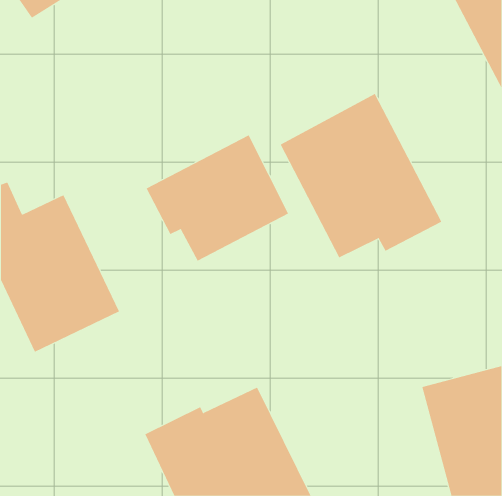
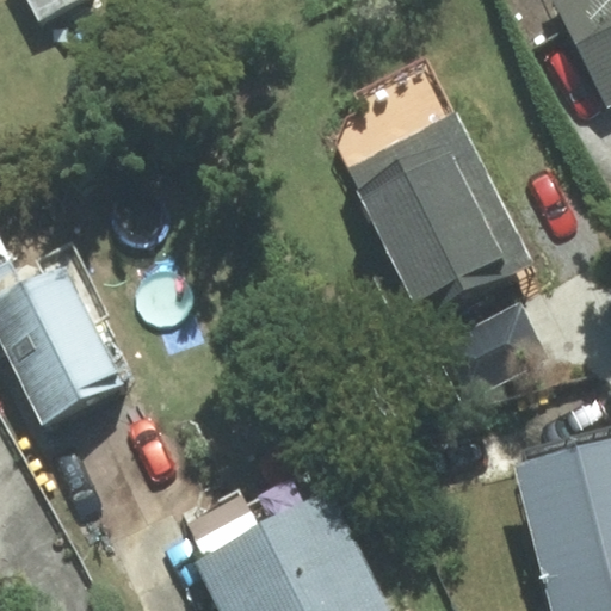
building: [146,135,289,262] -> none

